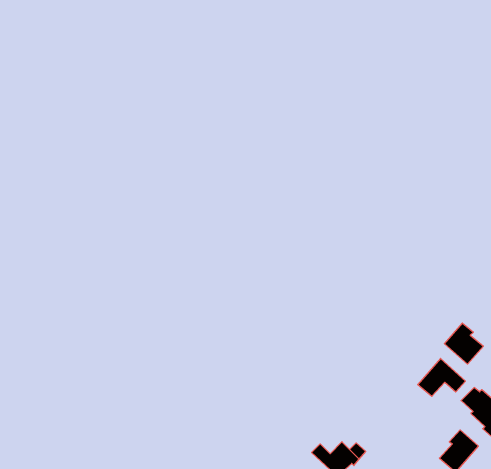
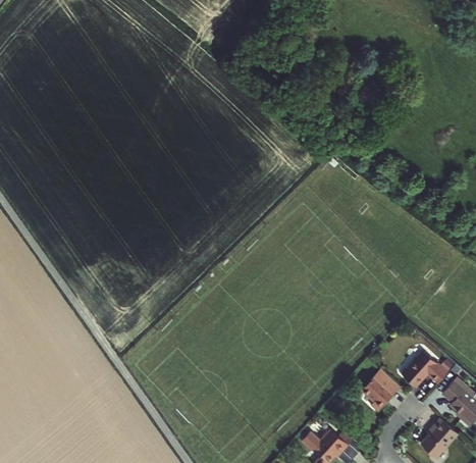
building: [444,323,483,364] -> none
building: none -> [360,368,399,411]

